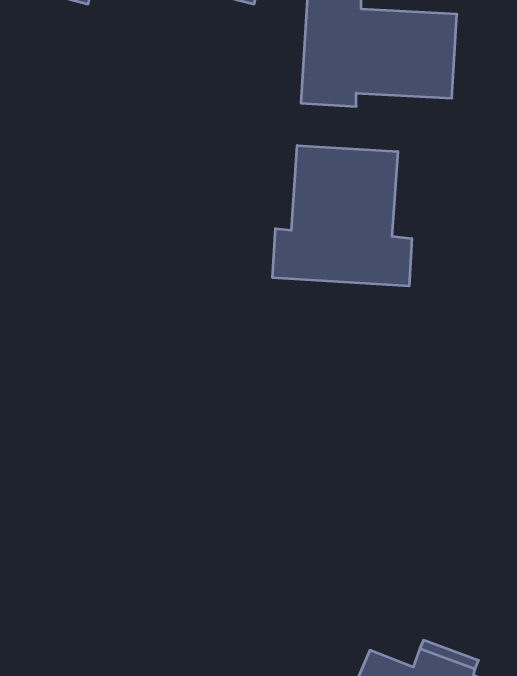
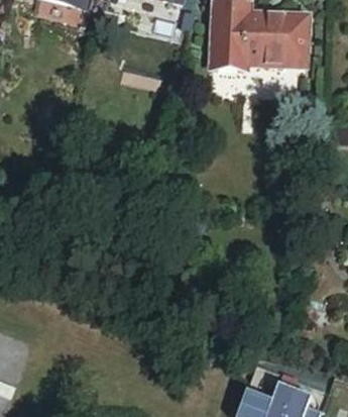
building: [273,145,412,286] -> none

